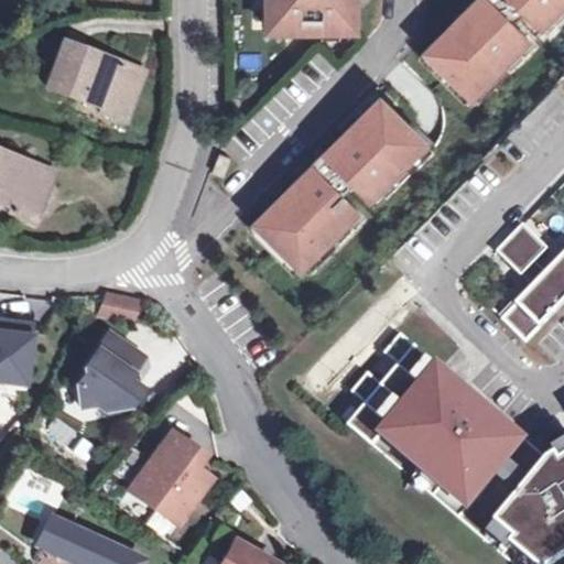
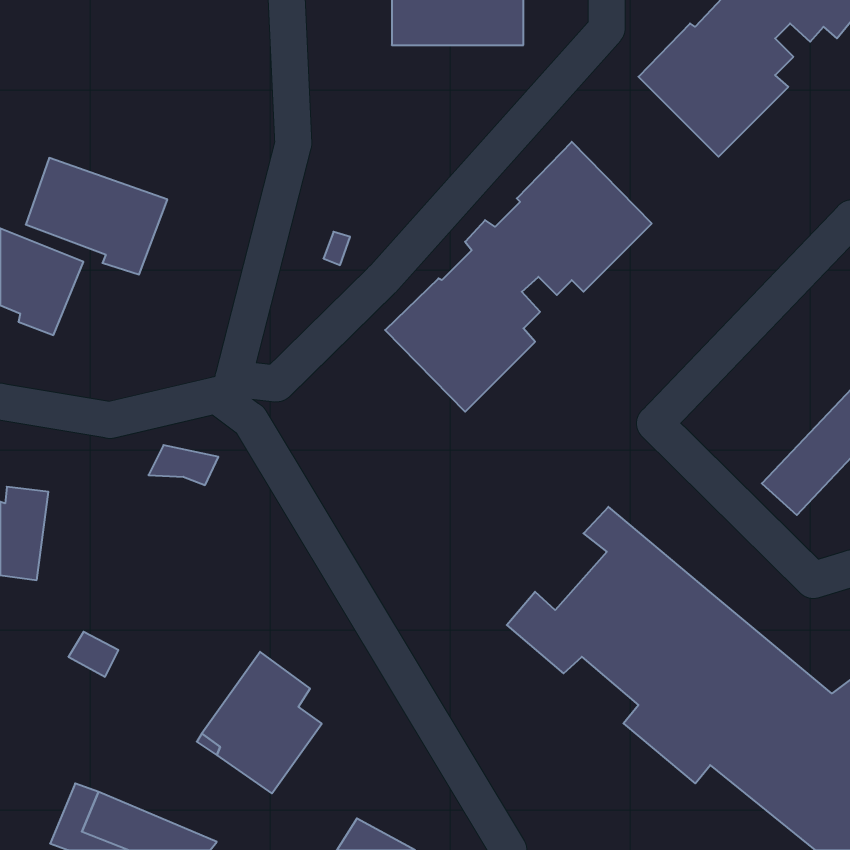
building: [42,46,135,123] -> [26,158,167,275]
building: [499,225,550,274] -> none
building: [80,333,143,408] -> none

